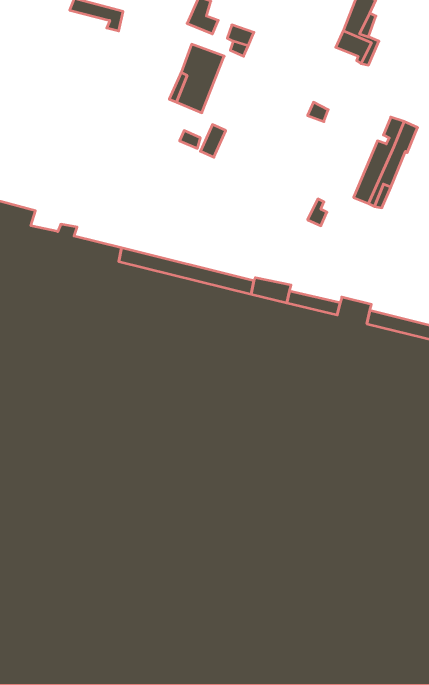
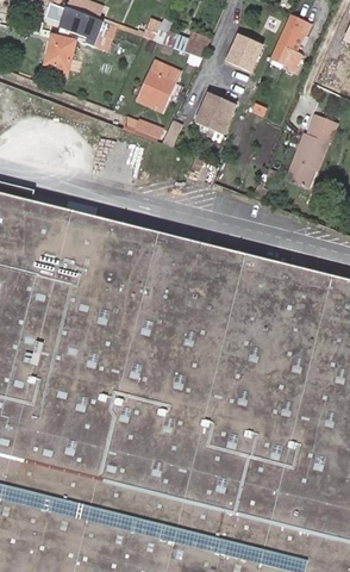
building: none -> [44,36,75,72]
building: none -> [225,36,261,72]
building: none -> [195,95,232,132]

